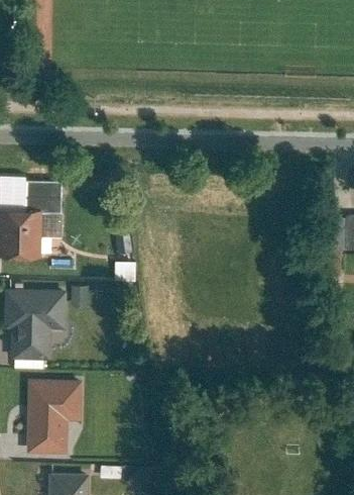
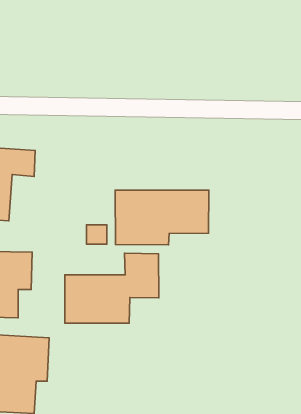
building: none -> [115,190,209,245]
building: none -> [65,253,159,323]

